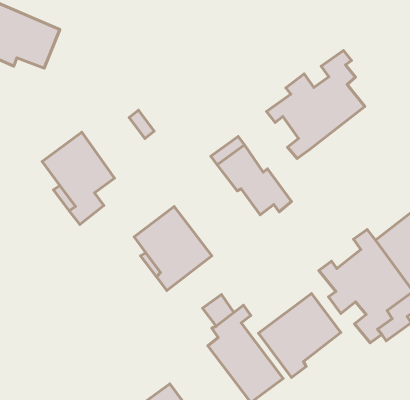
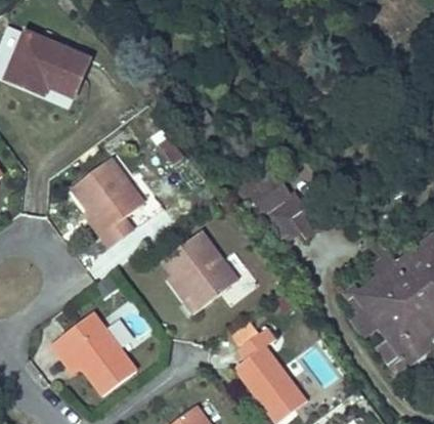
building: [267,51,365,158] -> none
building: none -> [53,311,137,394]
building: [258,293,341,378] -> none

